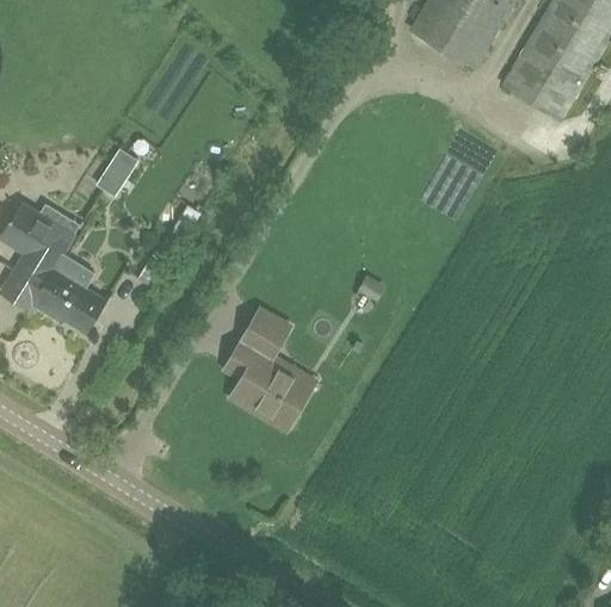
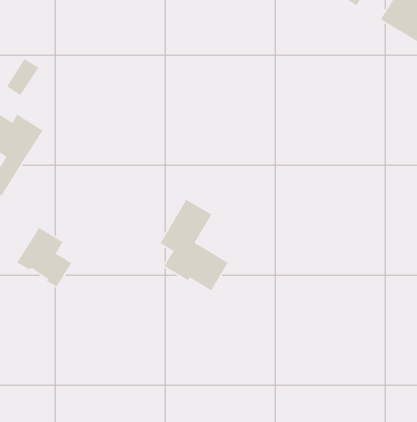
building: [95,147,137,194] -> [6,58,39,96]
building: [32,253,103,329] -> [16,227,72,288]

